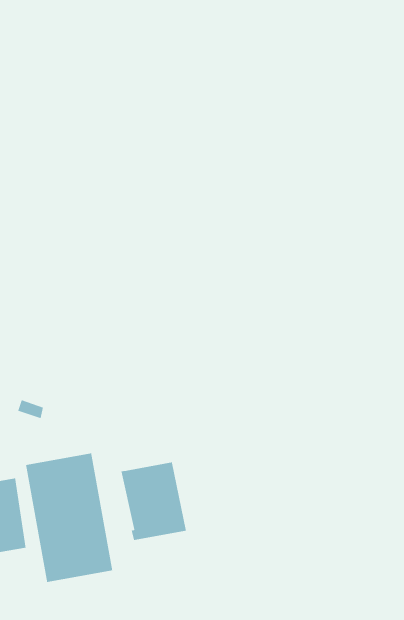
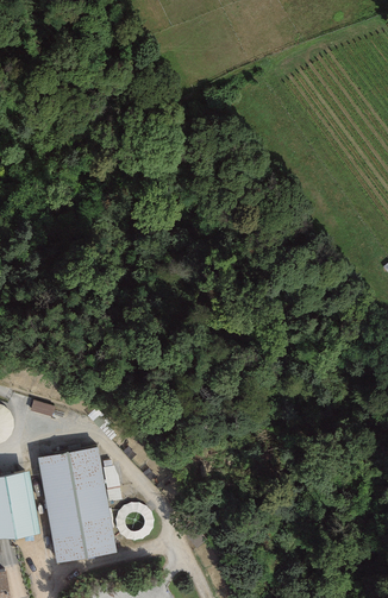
building: [120,462,187,541] -> none

